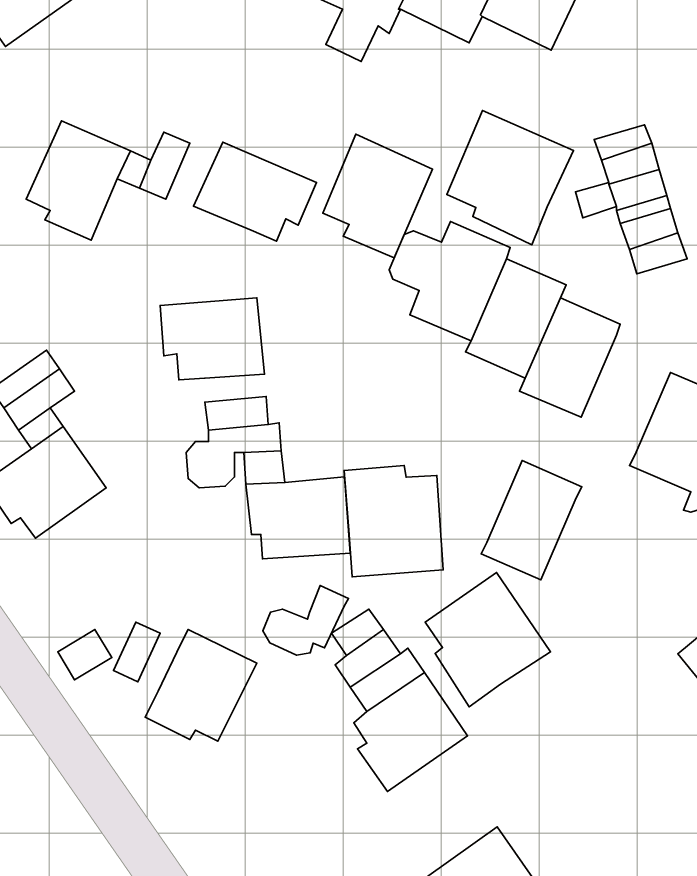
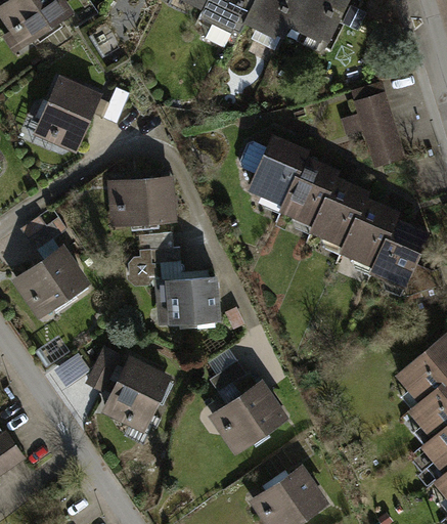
building: [447,111,573,245] -> none
building: [323,134,432,258] -> none
building: [193,142,316,241] -> none
building: [481,461,582,580] -> [342,200,397,265]
building: [344,465,443,577] -> none
building: [425,573,550,707] -> none
building: [263,586,349,655] -> none

